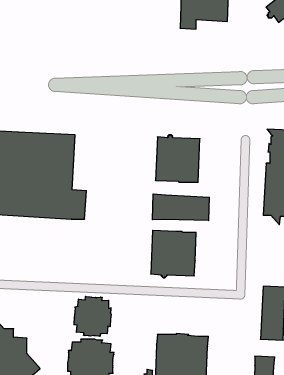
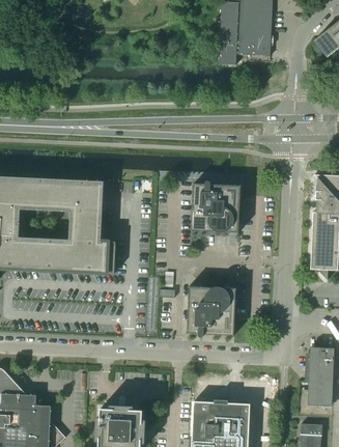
building: [152,194,209,221] -> none
building: [74,296,111,336] -> none

